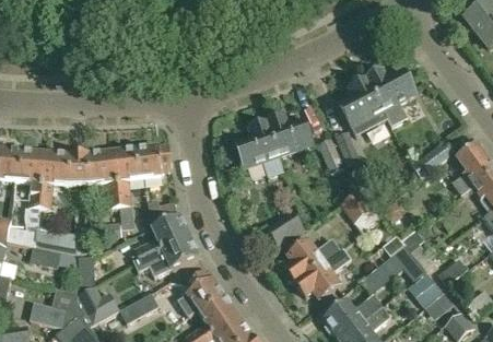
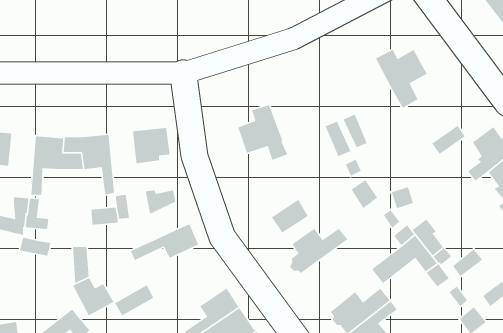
building: [339,79,384,129] -> none
building: [267,116,314,157] -> none
building: [115,148,140,207] -> none
building: [20,150,45,209] -> none
building: [134,214,191,259] -> none
building: [296,249,352,299] -> none
building: [176,269,226,317] -> none
building: [31,303,67,328] -> none

